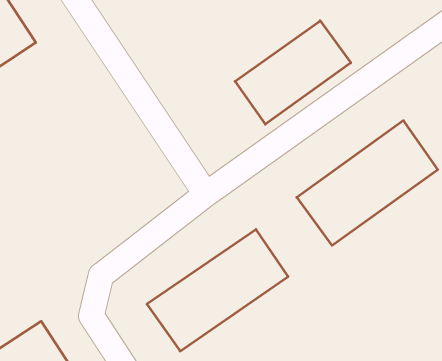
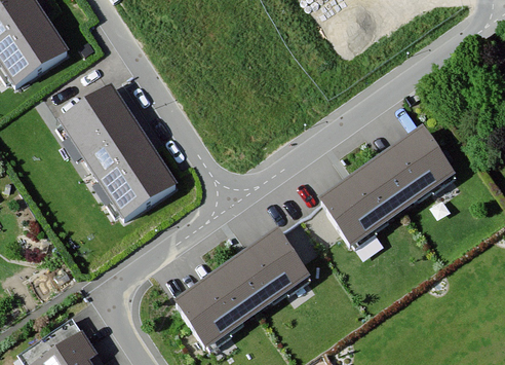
building: [235,21,351,124] -> none
building: none -> [59,82,180,219]

